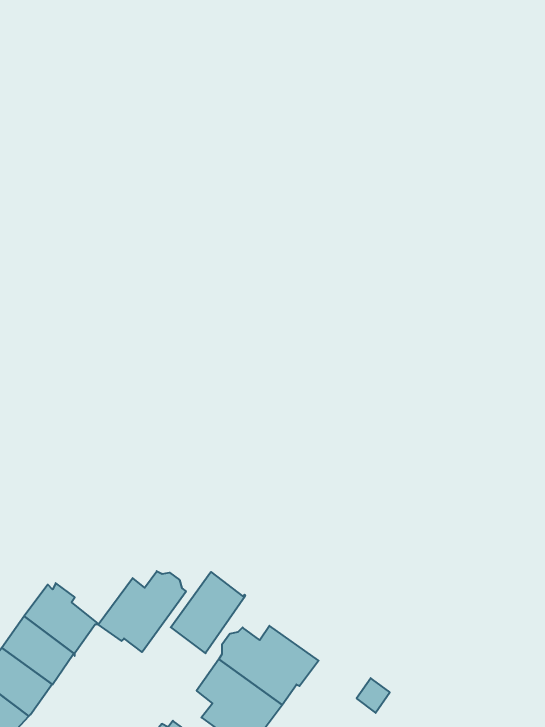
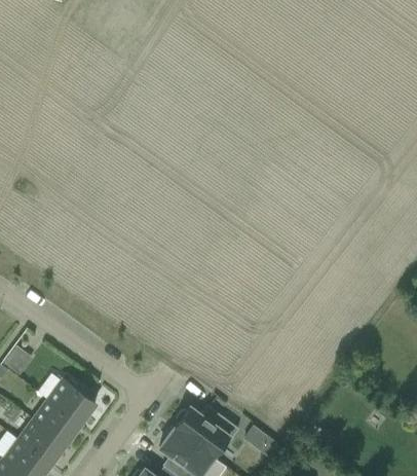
building: [98,571,186,652] -> none
building: [171,572,245,653] -> none

